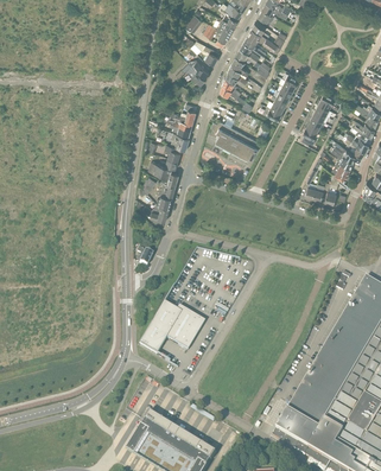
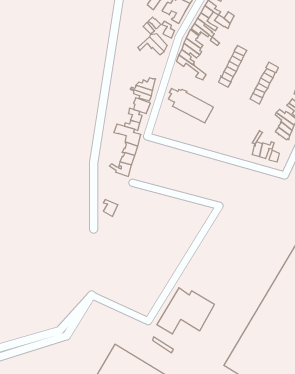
building: [140,301,205,354] -> [157,288,214,334]

